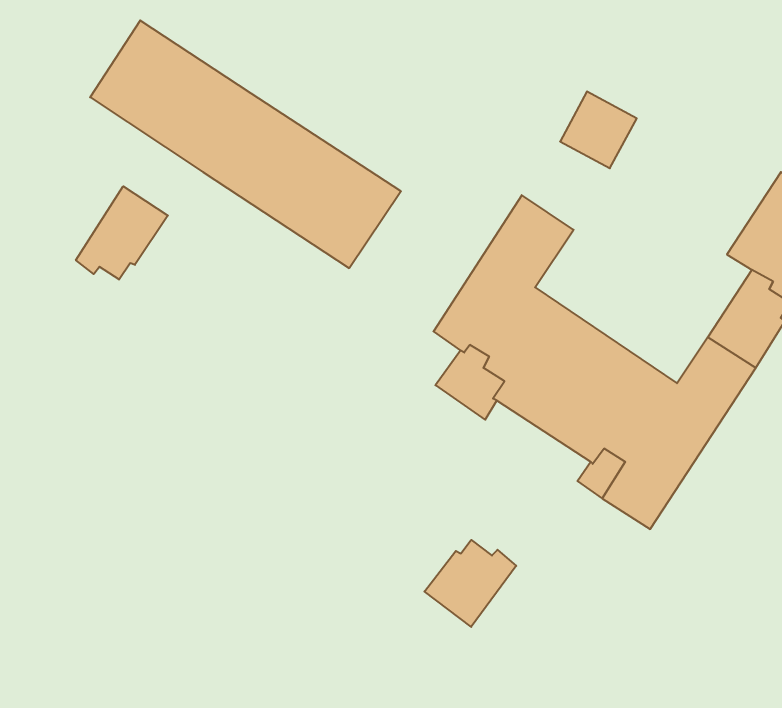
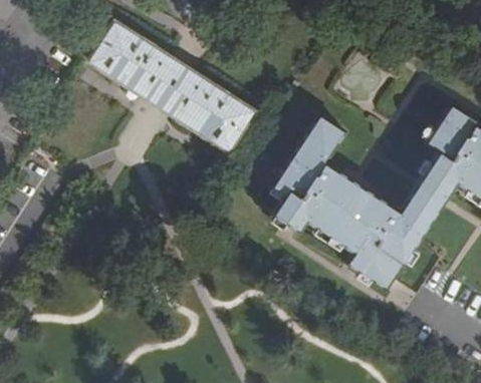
building: [76,186,168,280] -> none
building: [424,540,516,627] -> none

